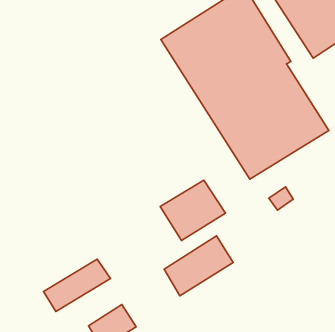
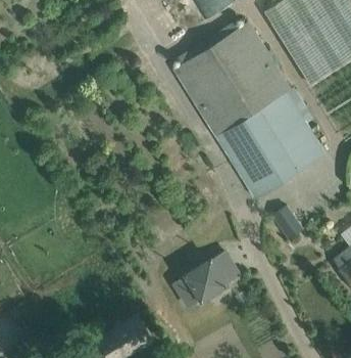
building: [160,180,225,241] -> none
building: [43,259,110,312] -> none

